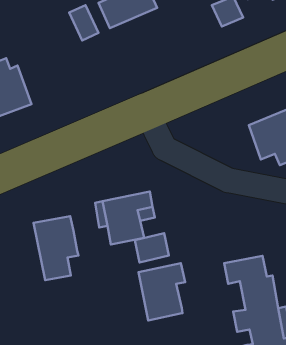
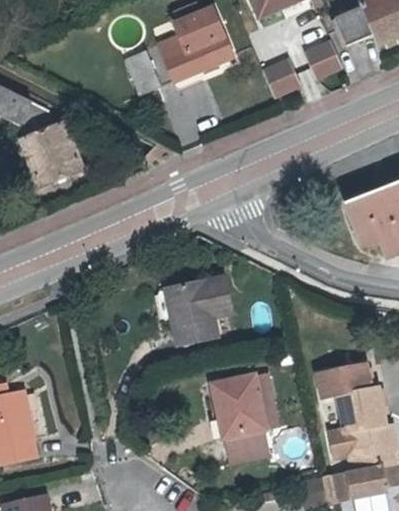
building: none -> [263,58,302,95]
building: [34,216,78,280] -> none
building: [135,233,169,262] -> none
building: none -> [225,433,272,467]

